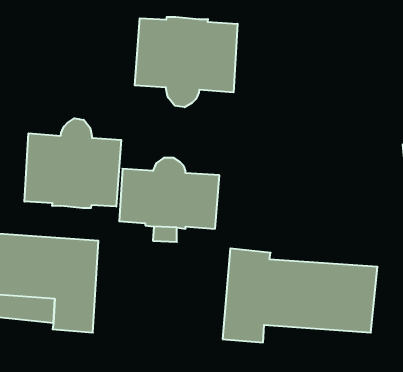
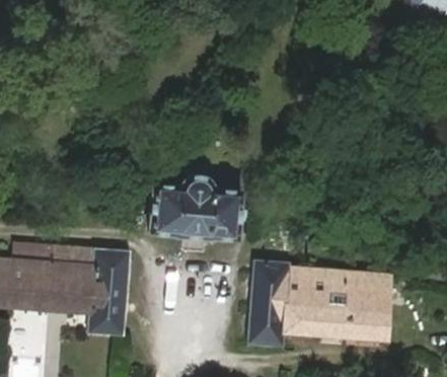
building: [135,17,238,107] -> none
building: [24,118,121,208] -> none

